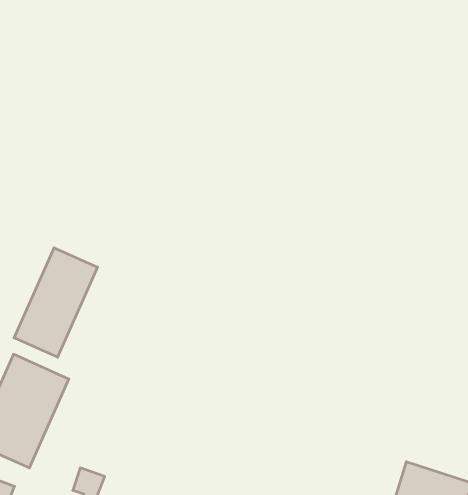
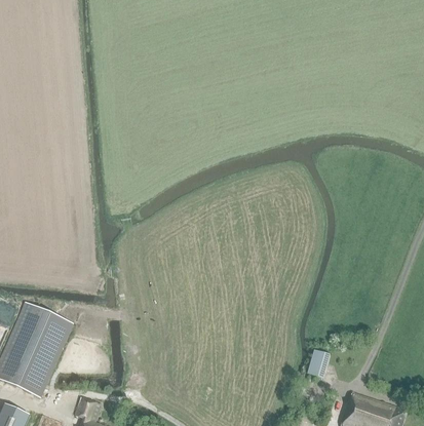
building: [14,248,98,357] -> none
building: none -> [307,350,331,379]

